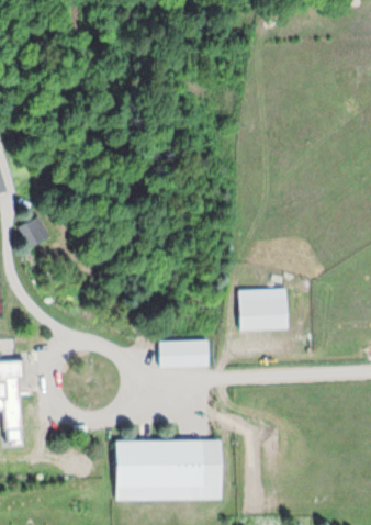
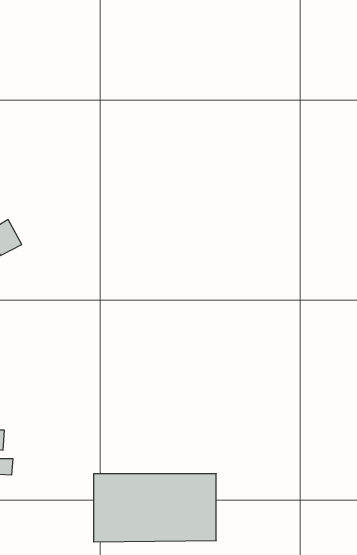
building: [237,288,289,329] -> none
building: [158,339,211,367] -> none

